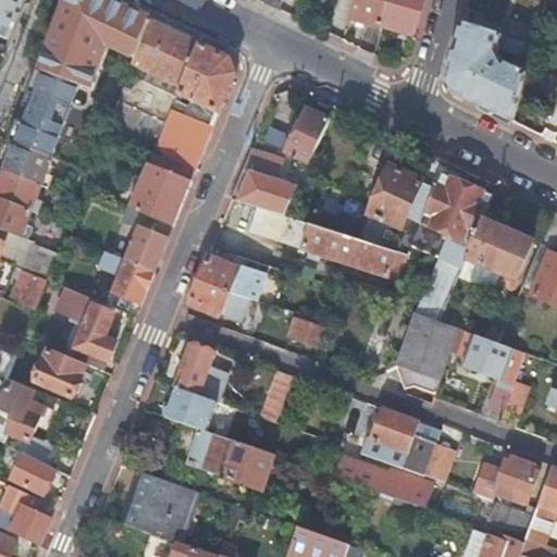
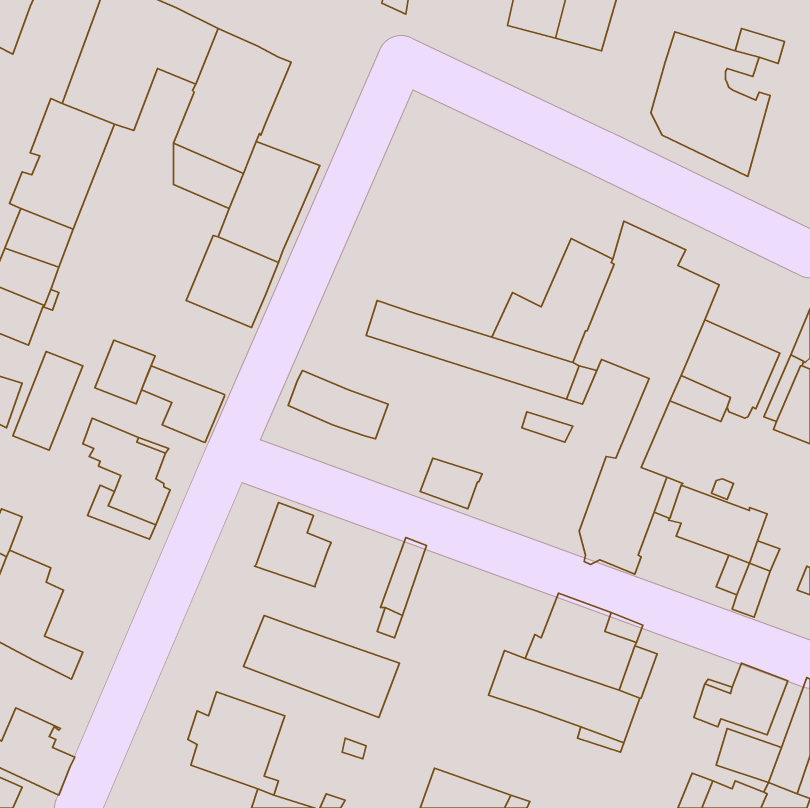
building: [175,42,235,113] -> none
building: [284,106,329,162] -> none
building: [231,146,298,214] -> none
building: [125,226,166,270] -> [95,340,155,404]
building: [186,277,249,321] -> none
building: [33,348,84,396] -> none
building: [163,387,215,430] -> none
building: [9,451,57,495] -> none

